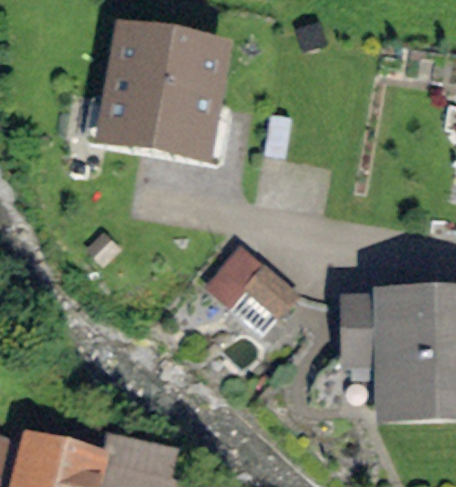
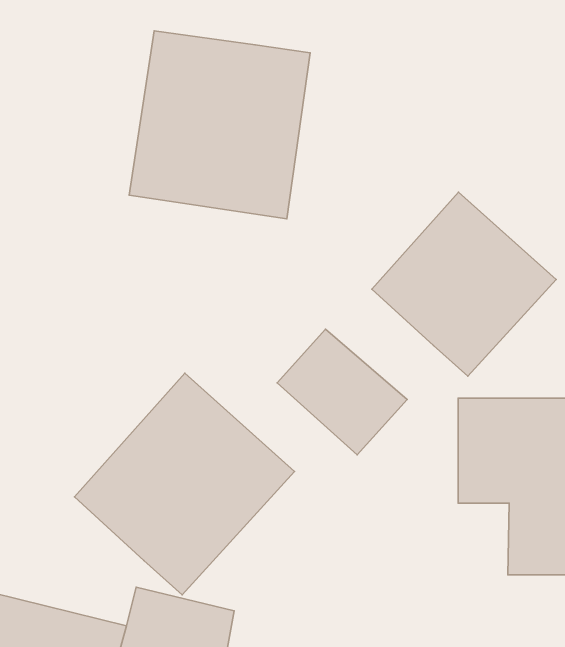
building: none -> [372,192,556,376]
building: none -> [75,373,295,595]

